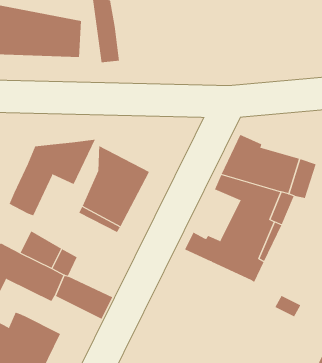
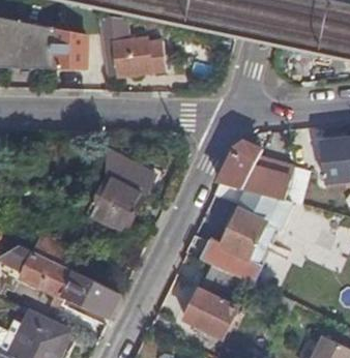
building: none -> [122,36,174,77]
building: [9,139,96,216] -> none
building: none -> [185,262,249,336]

